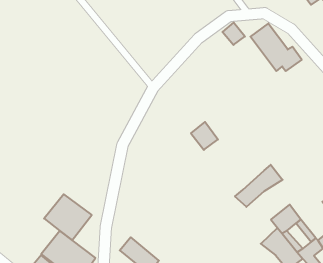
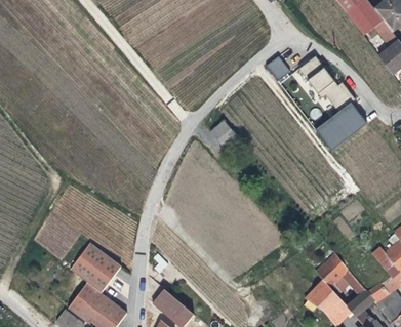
building: none -> [315,103,367,150]
building: [191,122,218,150] -> [209,119,239,150]
building: [235,165,283,207] -> none

